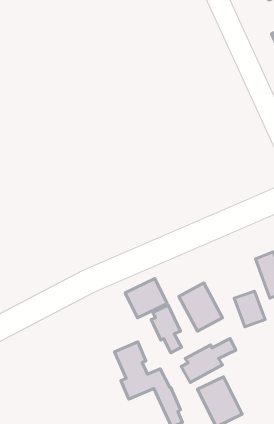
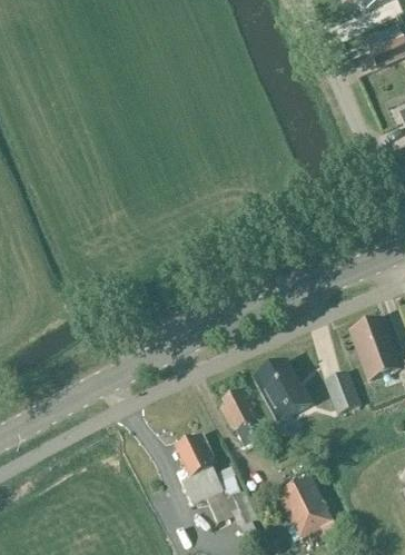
building: [125,278,167,318] -> none
building: [181,339,236,382] -> none

